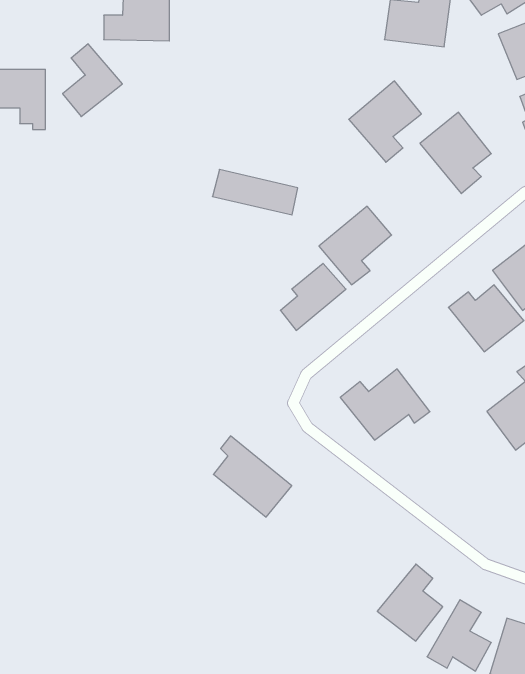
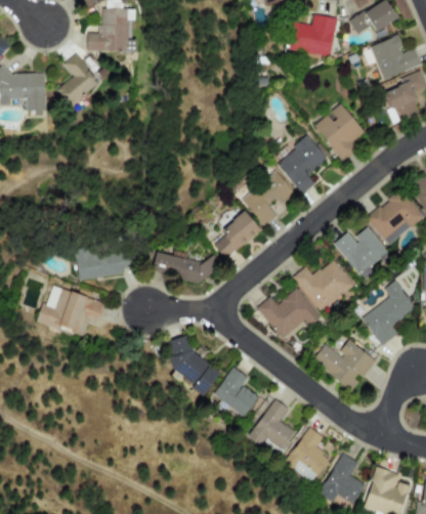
building: [349,81,421,162] -> [276,135,329,194]
building: [212,169,298,215] -> [152,251,213,284]
building: none -> [76,246,124,280]
building: none -> [294,258,354,310]
building: none -> [37,287,103,334]
building: none -> [312,340,376,390]
building: none -> [214,367,258,417]
building: none -> [249,398,296,448]

